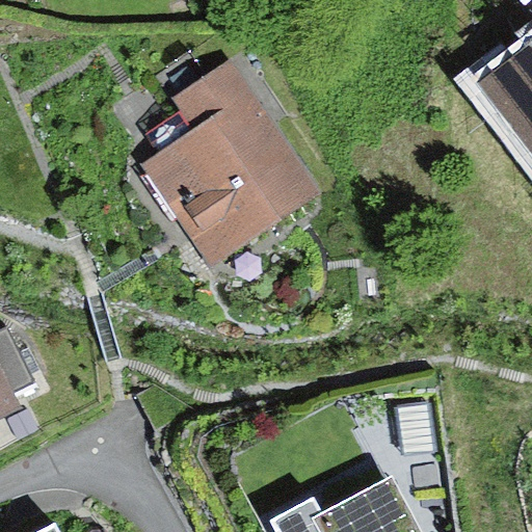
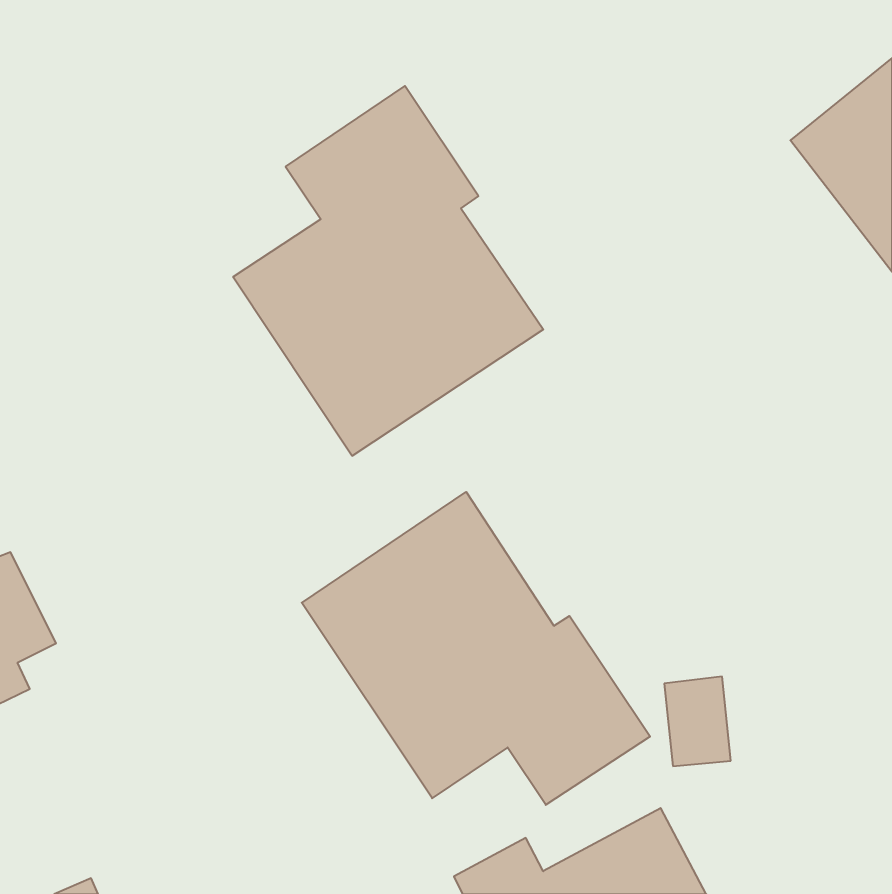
building: none -> [302,492,650,805]

